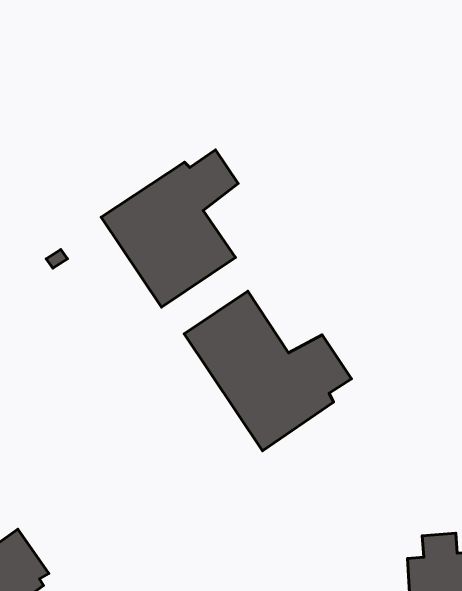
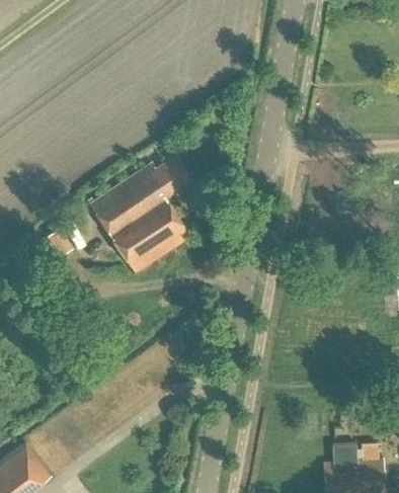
building: [184,291,351,451] -> none

